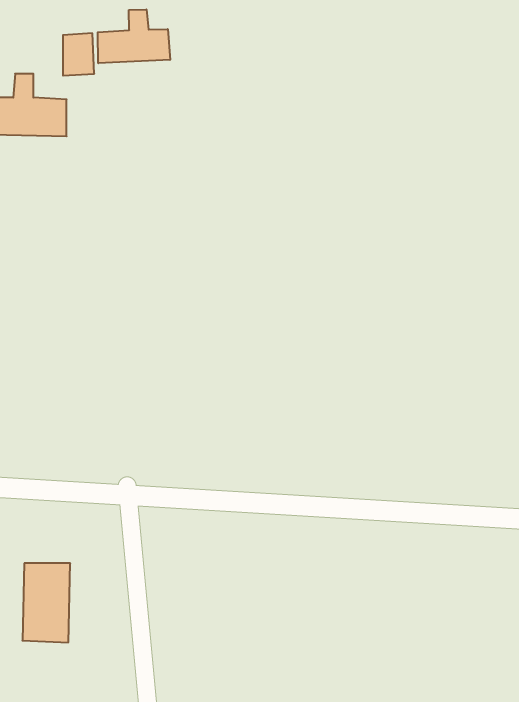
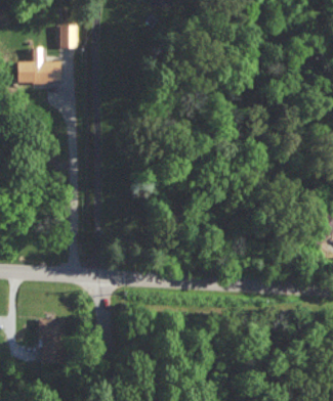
building: [98,9,170,63] -> none

